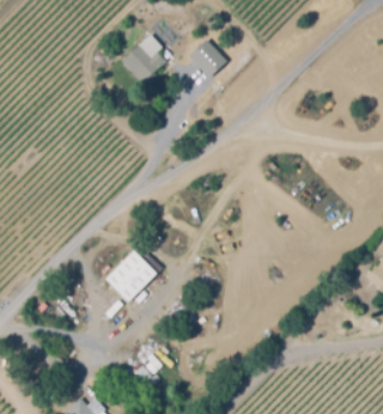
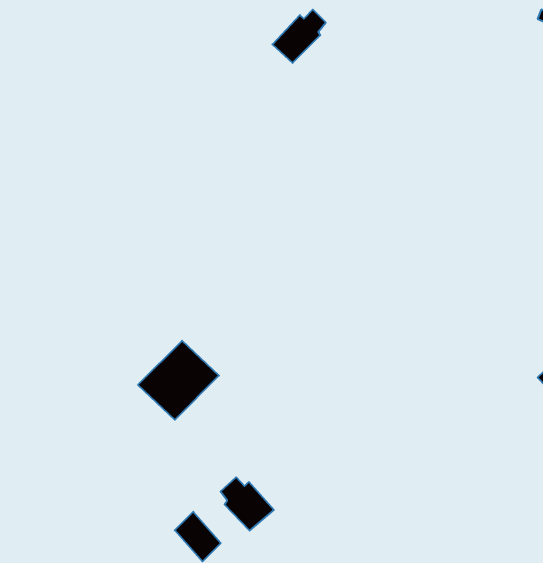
building: [121,35,165,84] -> none
building: none -> [221,477,274,531]

